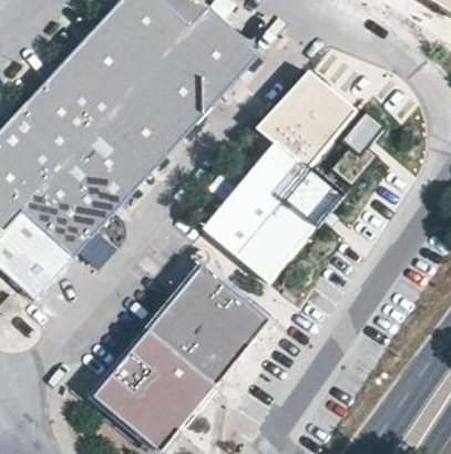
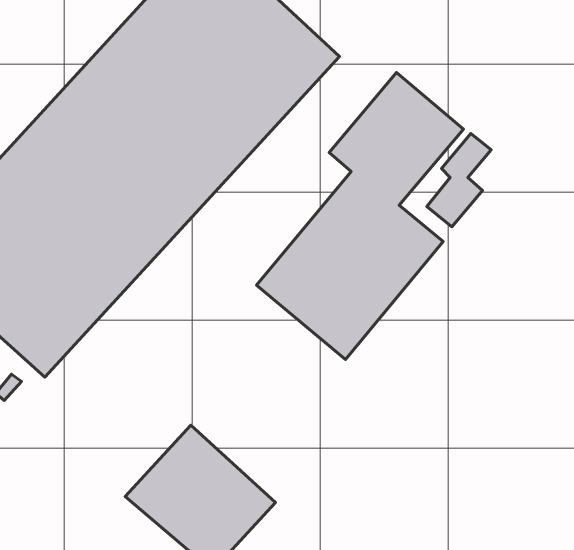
building: [147,268,271,391] -> none

